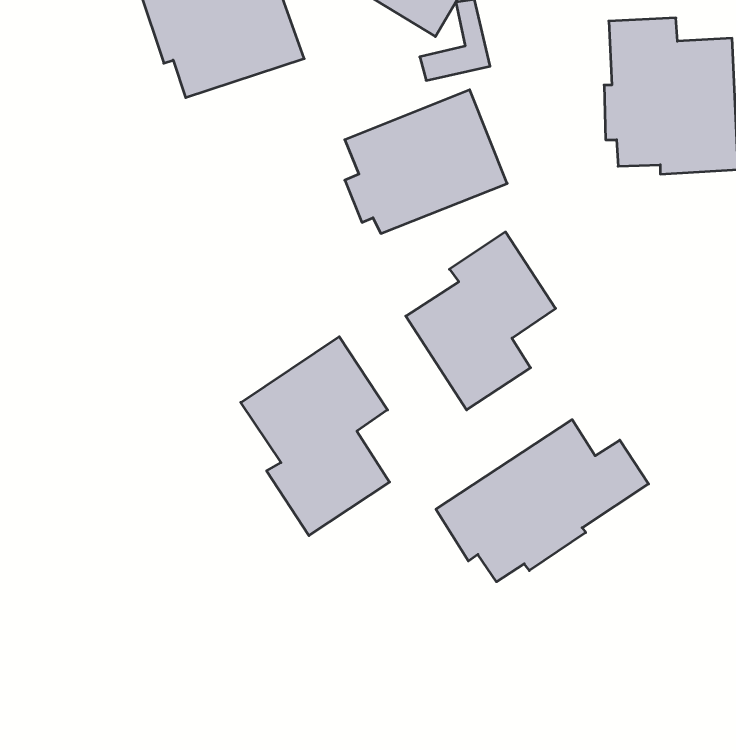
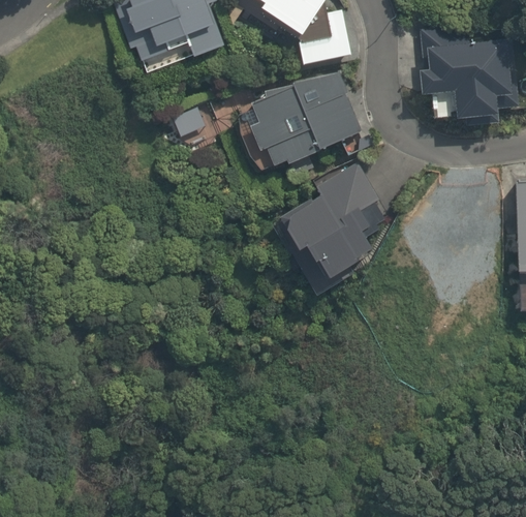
building: [241,337,390,536] -> none
building: [436,420,649,582] -> none

